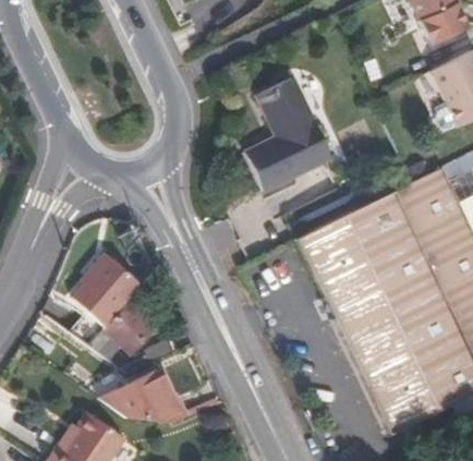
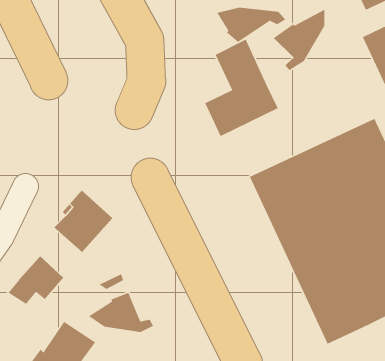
building: none -> [216,7,286,43]
building: none -> [273,9,325,71]
building: [88,299,155,356] -> [7,255,64,305]

